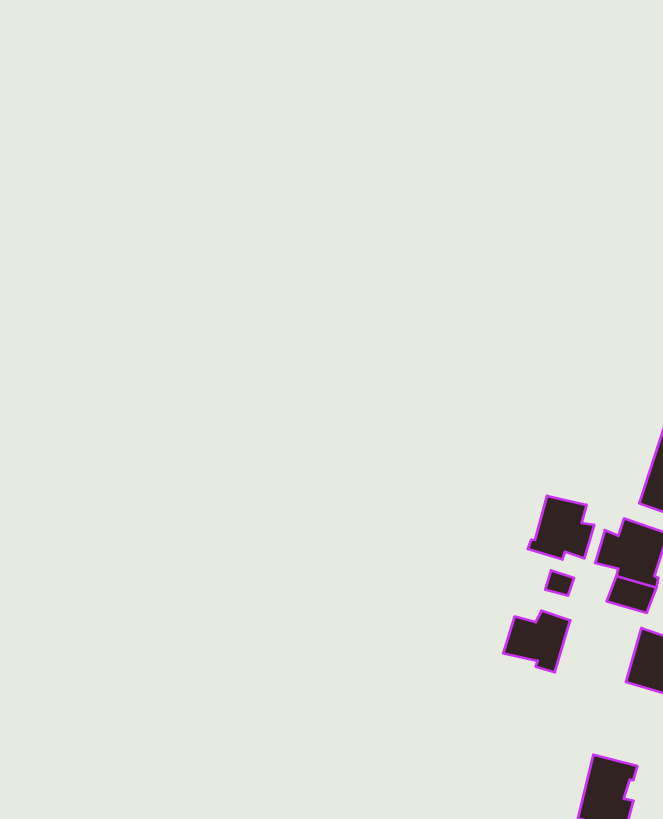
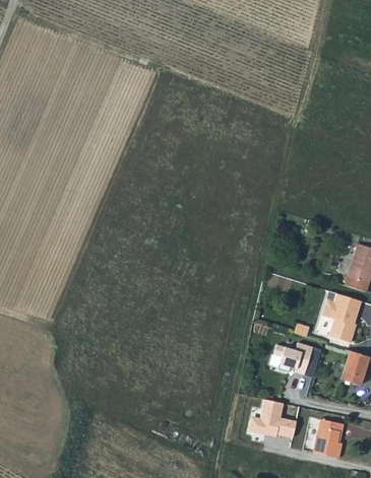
building: [528,496,594,560] -> none
building: none -> [248,398,297,437]

